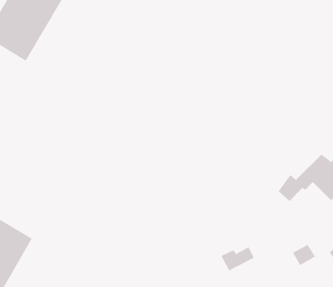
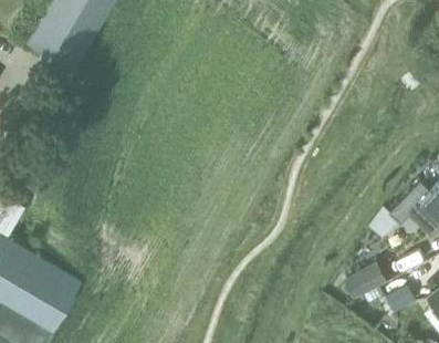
building: [221,247,254,271] -> [346,269,386,298]

